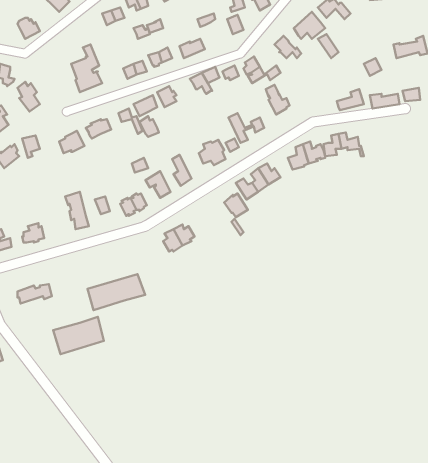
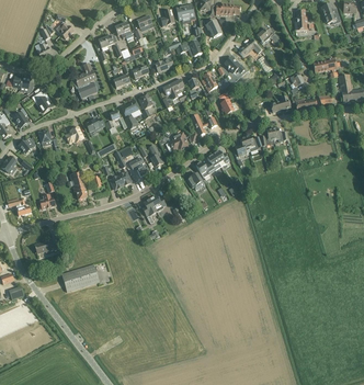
building: [87,274,145,310] -> none

